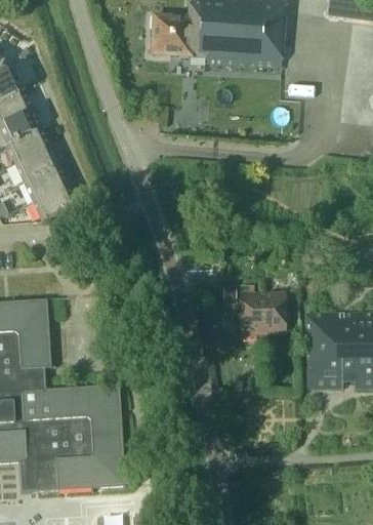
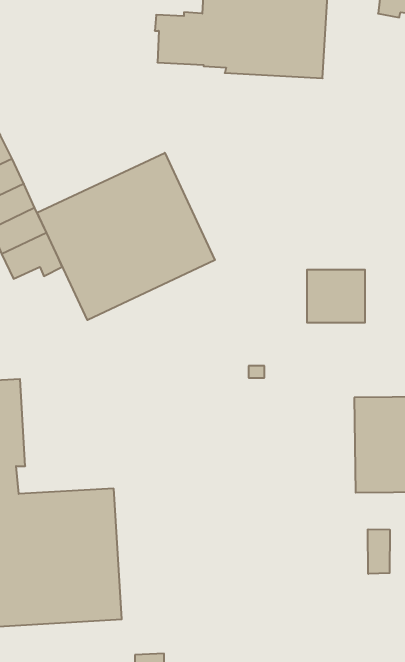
building: none -> [37,153,215,320]
building: [240,293,285,334] -> [307,270,365,323]
building: none -> [368,529,390,574]

